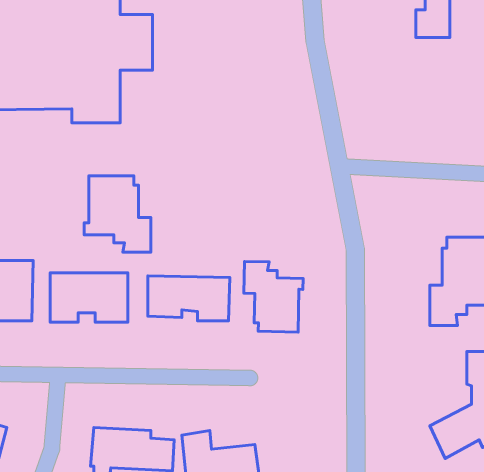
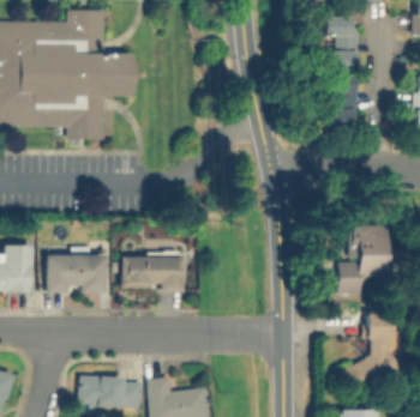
building: none -> [328,77,356,127]
building: [84,176,151,252] -> none
building: [244,261,303,332] -> none

